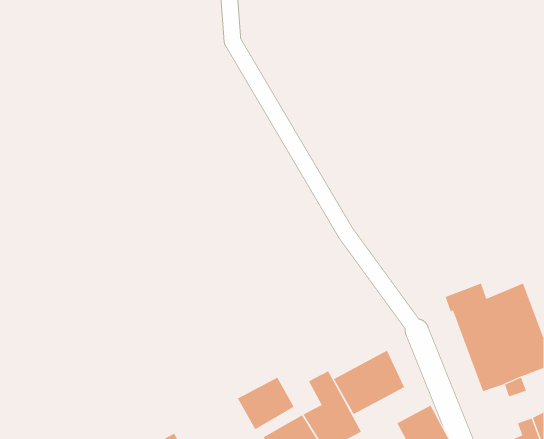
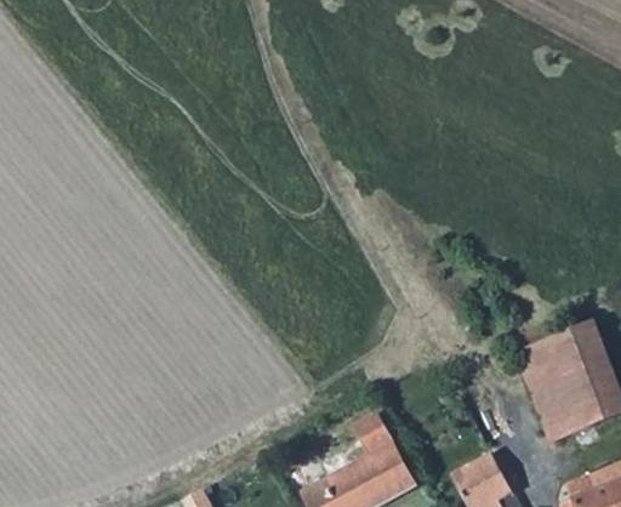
building: [333,350,405,415] -> none
building: [237,377,295,430] -> none

